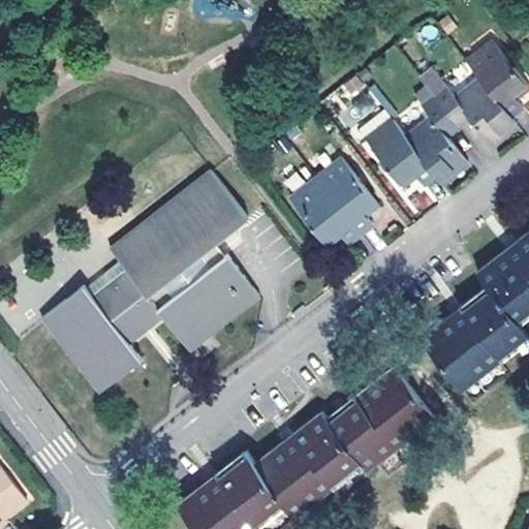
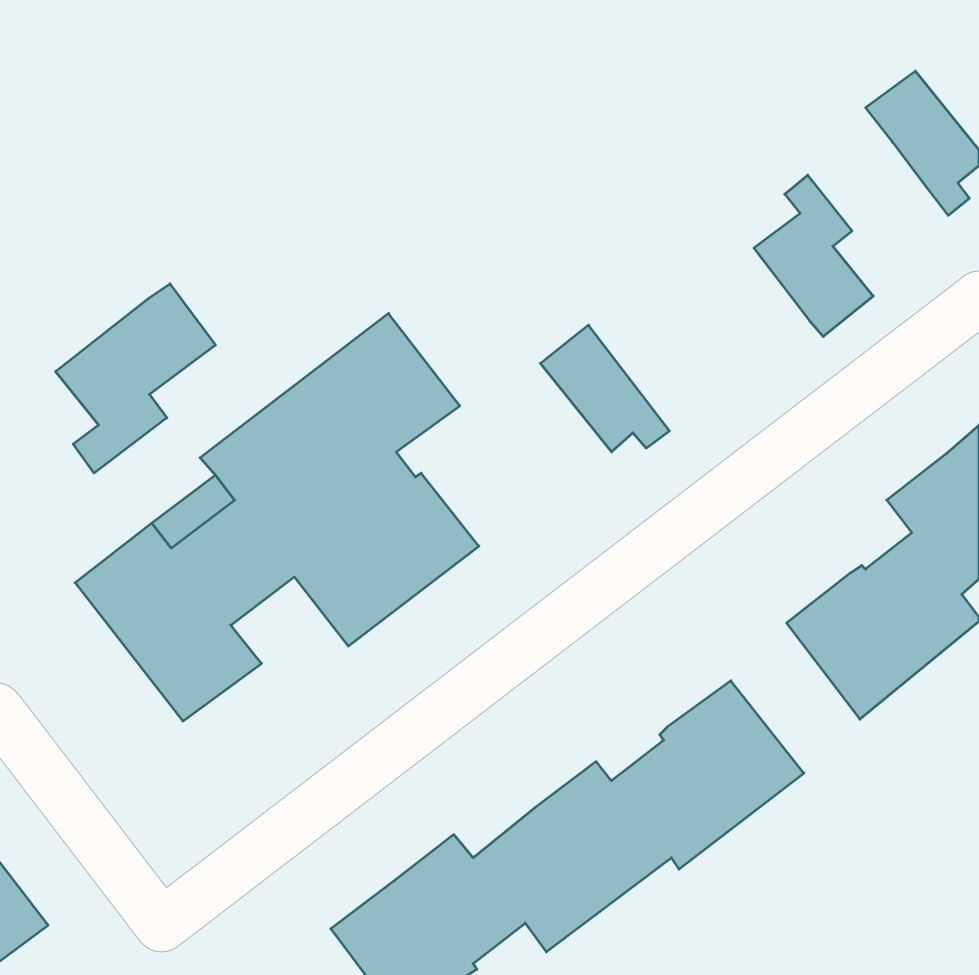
building: [434,81,516,148] -> none
building: [367,121,435,187] -> none
building: none -> [56,284,215,473]
building: [316,160,376,236] -> none

